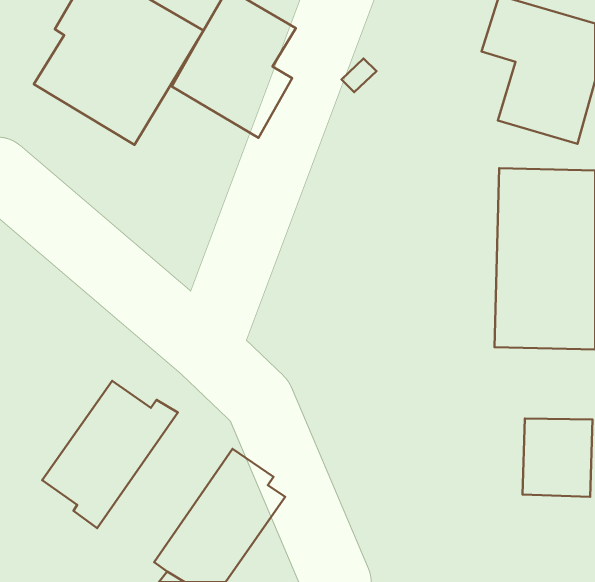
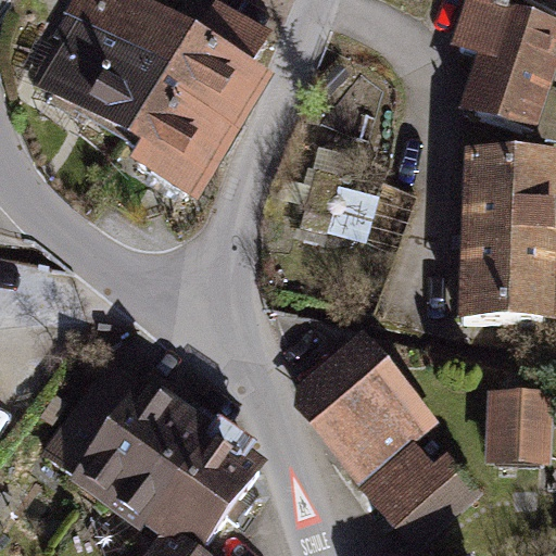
building: none -> [125,80,240,202]
building: none -> [292,325,482,532]
building: none -> [90,383,216,527]

